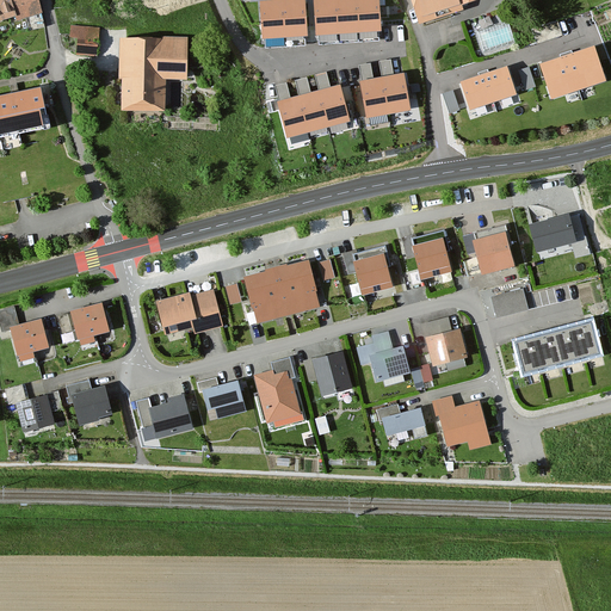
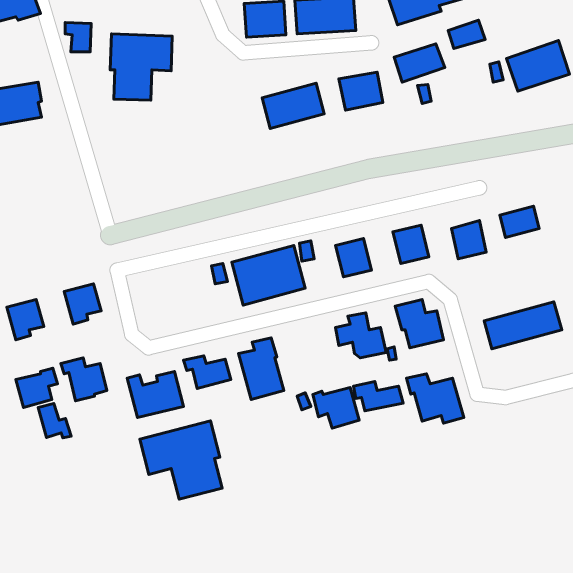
building: [459,69,513,110] -> [394,44,445,82]
building: [489,283,529,315] -> none
building: [158,290,223,334] -> none
building: [302,353,351,396] -> [313,388,359,428]
building: none -> [38,403,71,438]
building: none -> [140,421,222,499]

